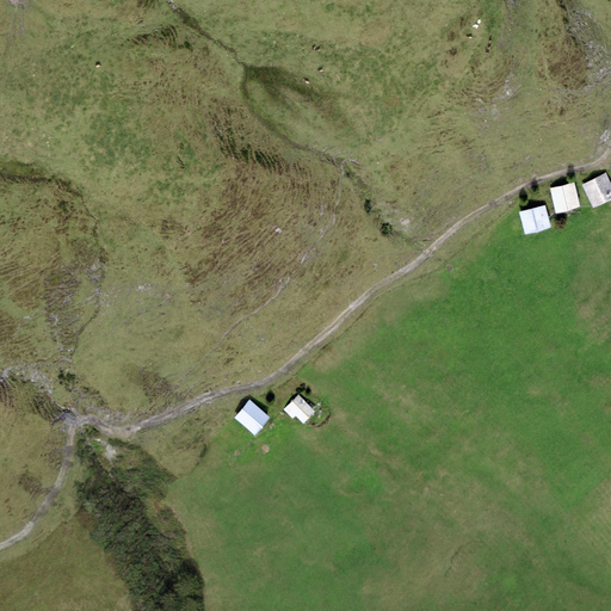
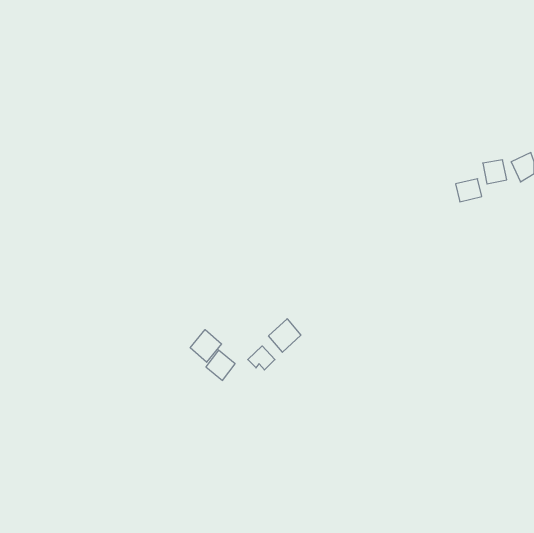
building: none -> [269,319,301,352]
building: none -> [190,330,222,362]

